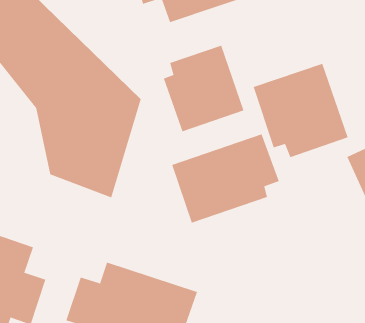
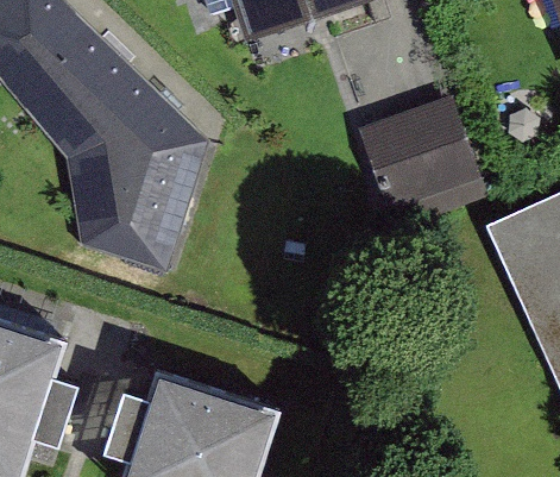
building: [163,45,244,132] -> none
building: [171,133,279,223] -> none

